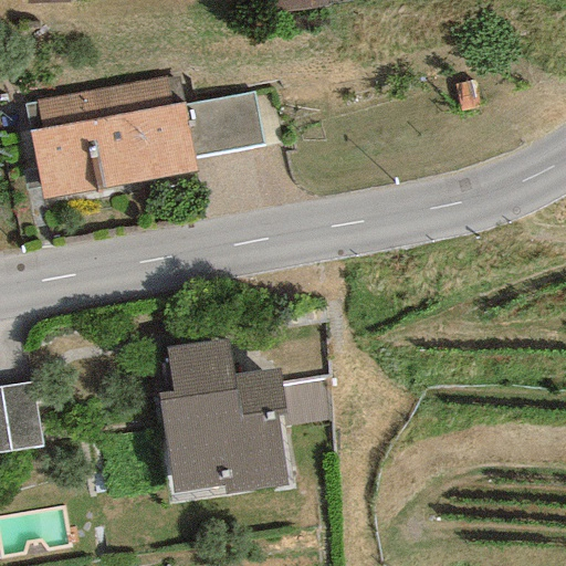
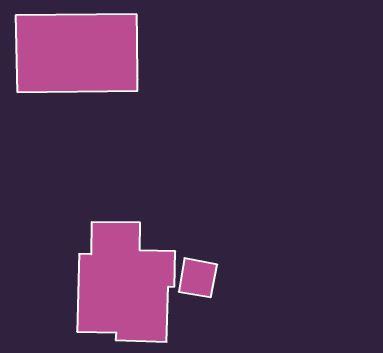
building: [184,93,263,158] -> none

